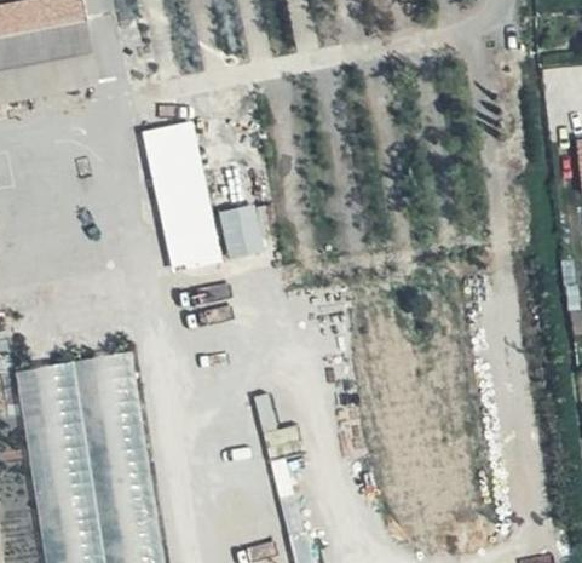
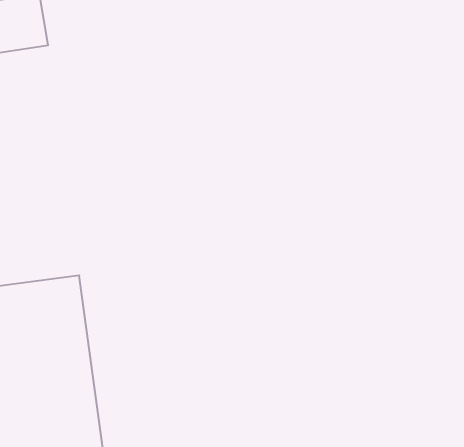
building: [144,119,218,269] -> none
building: [219,202,261,254] -> none

